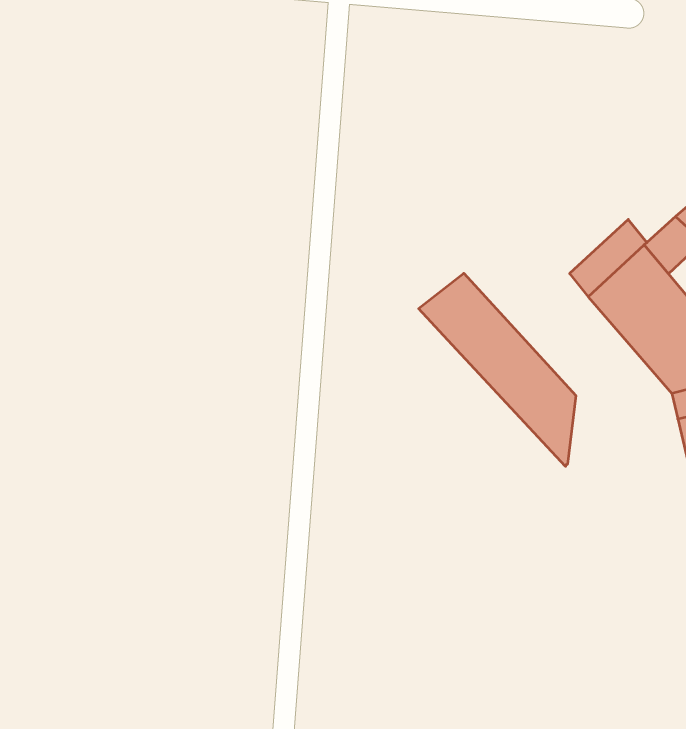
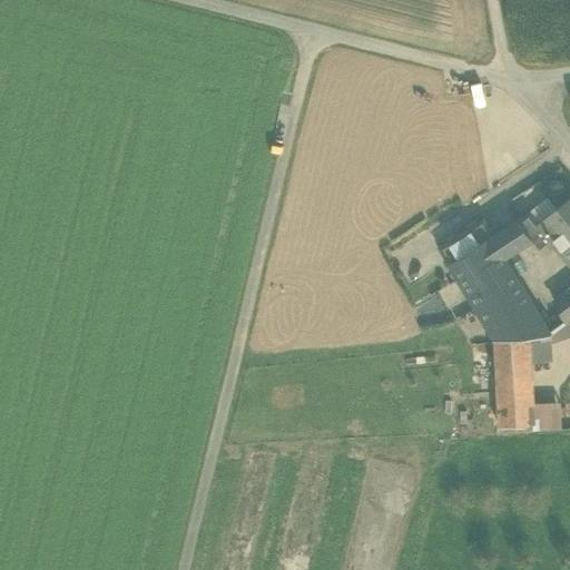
building: [419,273,576,466] -> none

